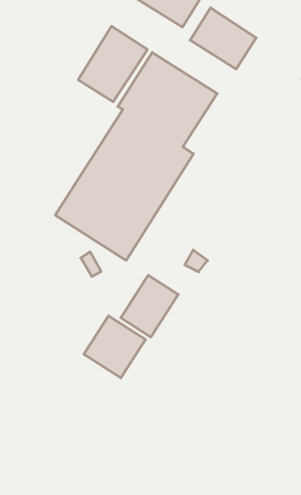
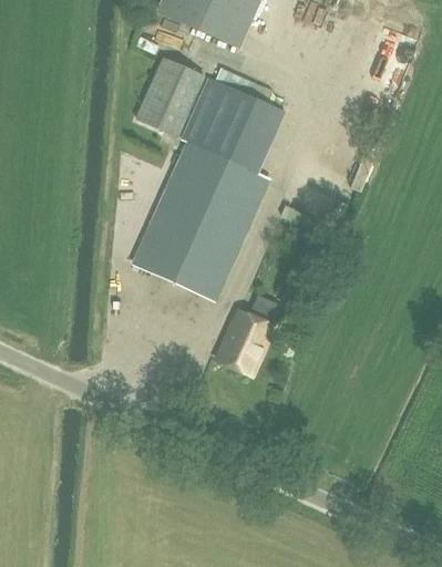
building: [190,8,256,69] -> none
building: [84,316,146,378] -> none

